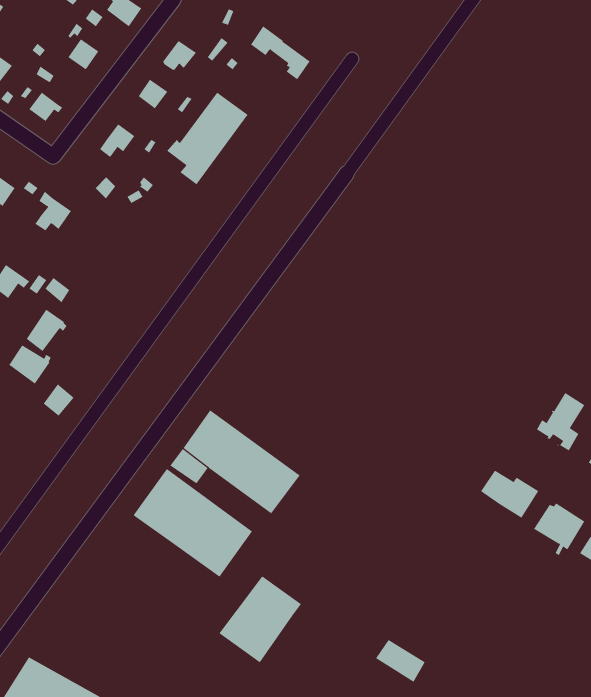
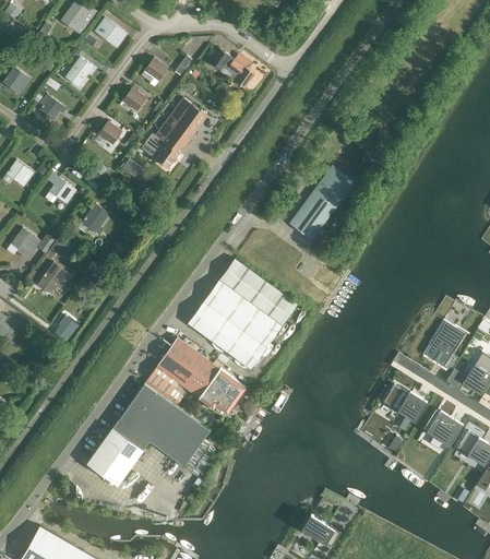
building: none -> [289,167,352,239]
building: none -> [76,204,108,233]
building: none -> [188,260,297,369]
building: [8,344,52,384] -> none
building: [219,576,302,663] -> [86,419,150,486]

